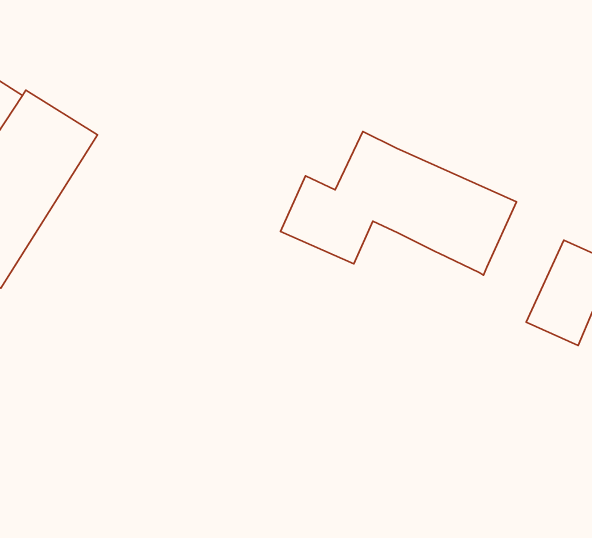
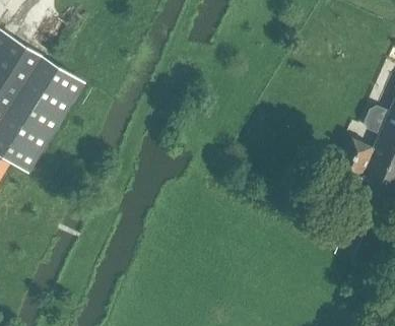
building: [281,131,516,275] -> none

